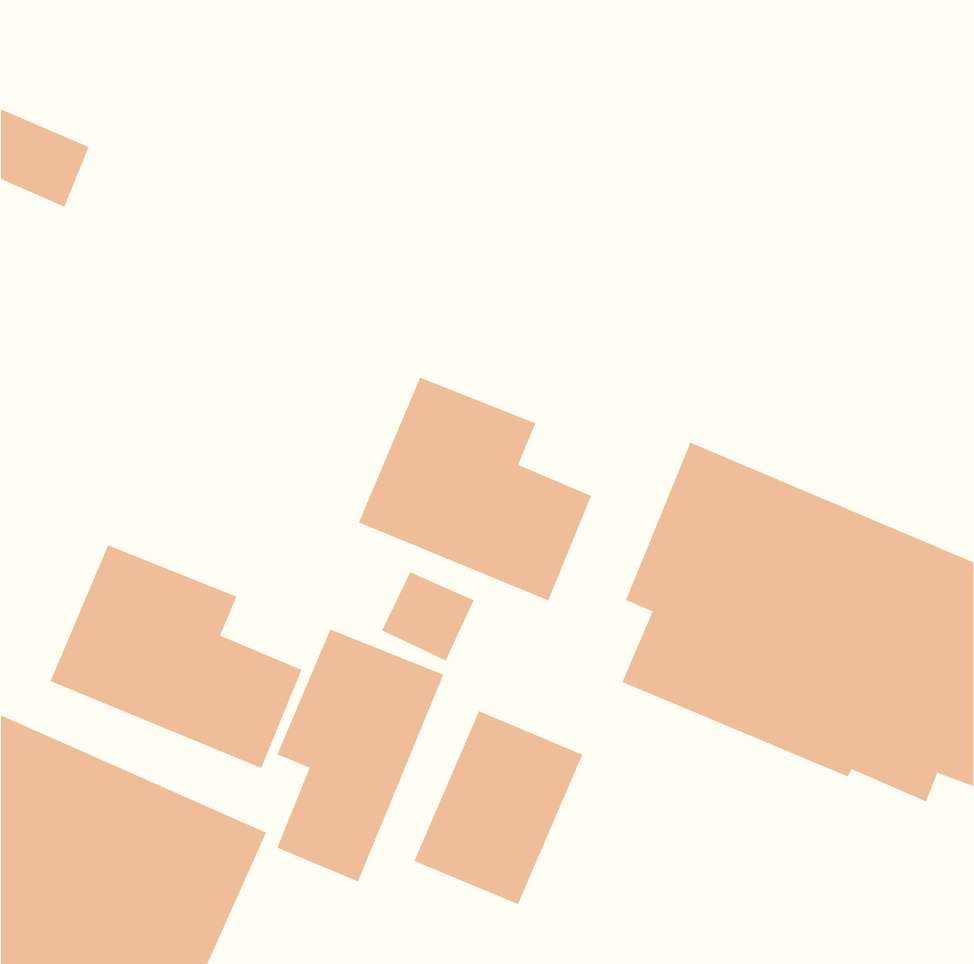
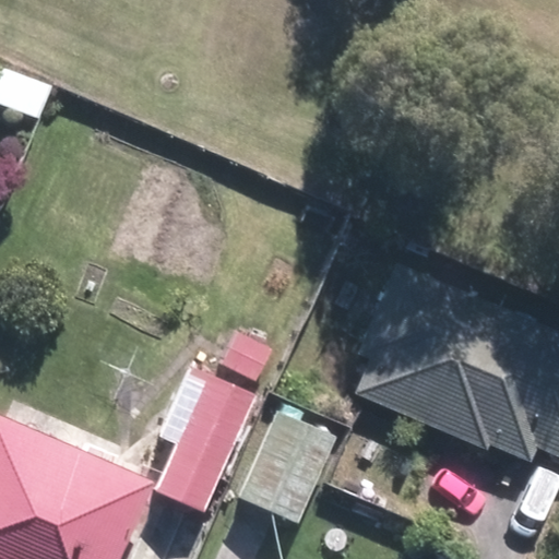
building: [358,377,592,601] -> none
building: [50,545,302,769] -> none

